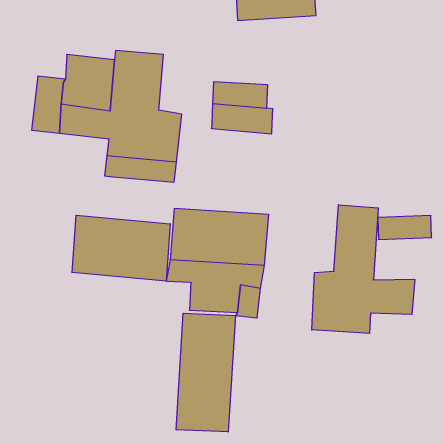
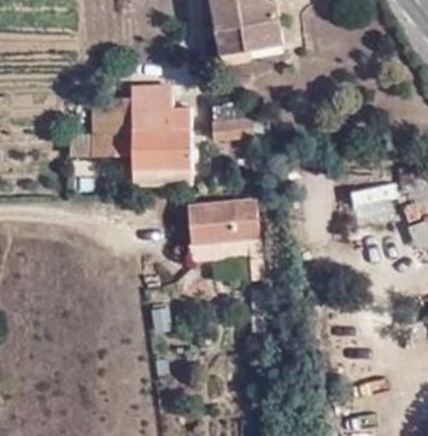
building: [312,205,415,333] -> none
building: [72,215,170,281] -> none
building: [176,313,236,432] -> none

